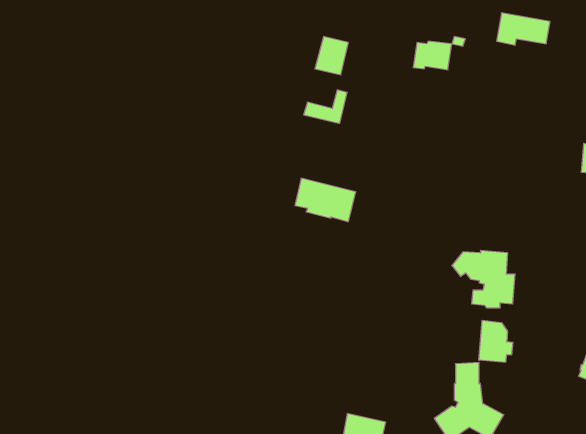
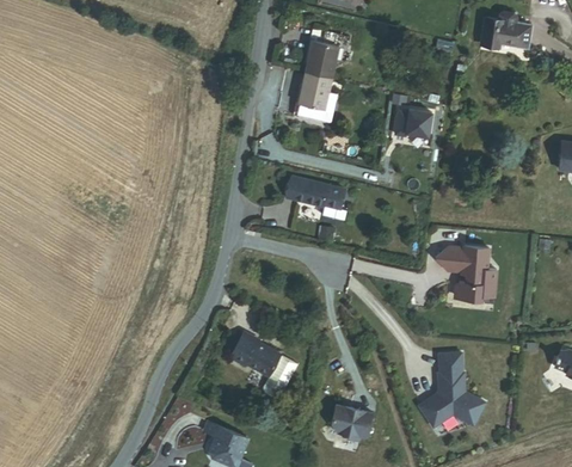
building: [413,41,452,70] -> [394,109,431,136]
building: none -> [297,70,330,109]
building: [479,320,513,362] -> none
building: none -> [228,332,295,397]

